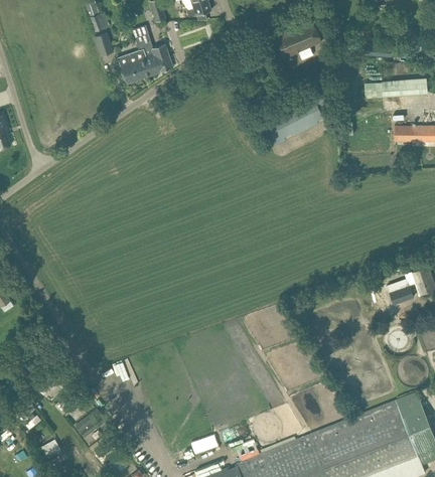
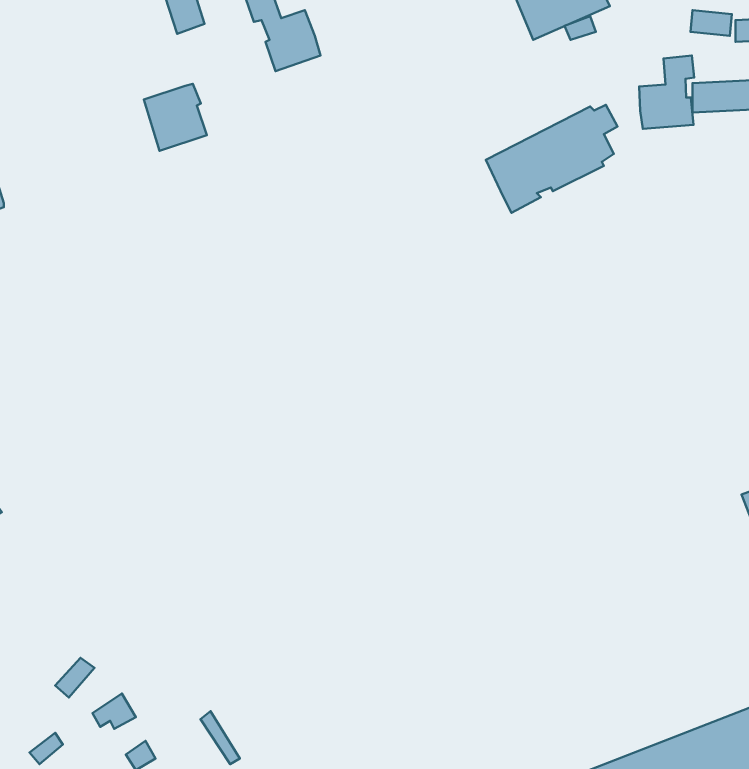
building: [118,49,150,84] -> [144,84,207,151]
building: none -> [639,56,694,129]

